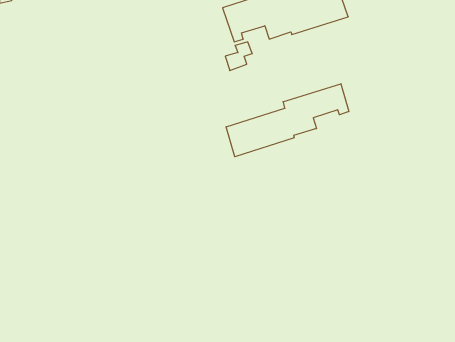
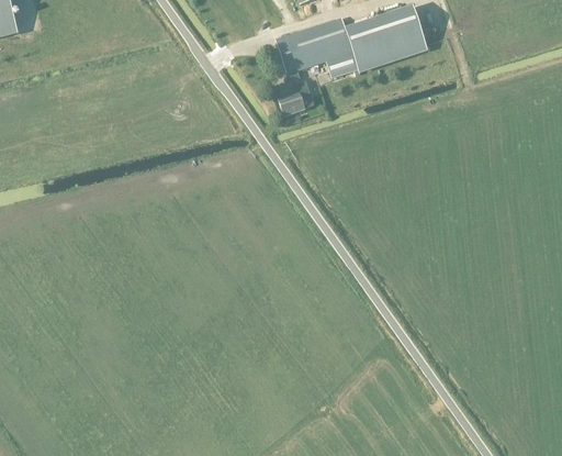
building: [226,84,349,157] -> none

